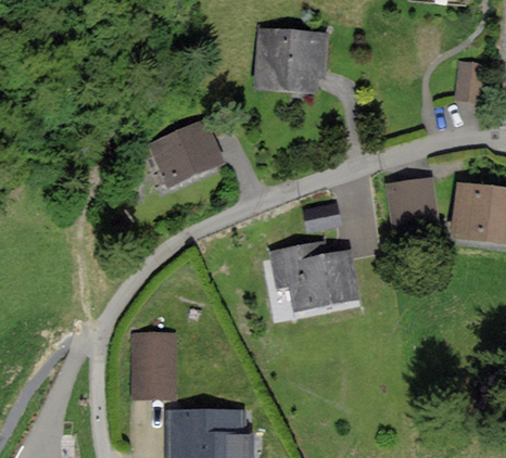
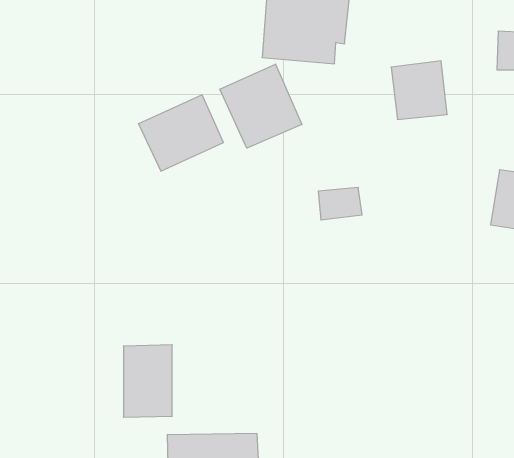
building: none -> [220,64,302,148]
building: [388,179,437,230] -> [391,61,447,119]
building: [271,242,358,311] -> none

